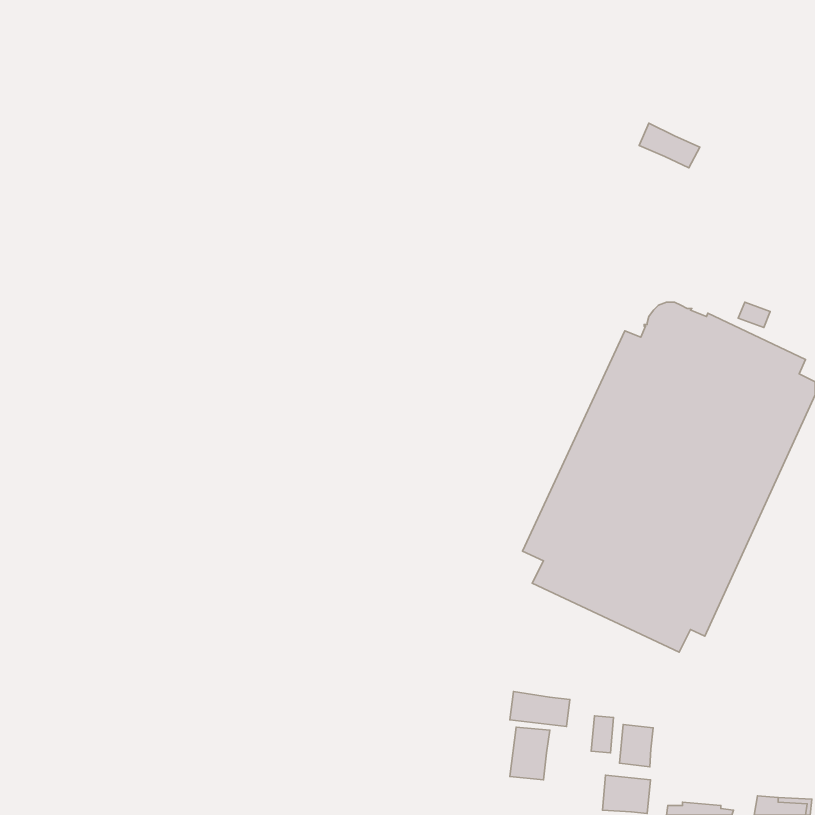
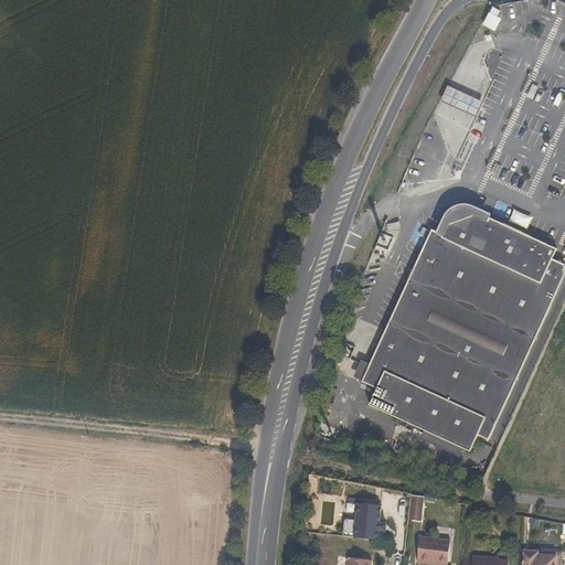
building: [510,692,570,726] -> none
building: [620,724,653,767] -> none

